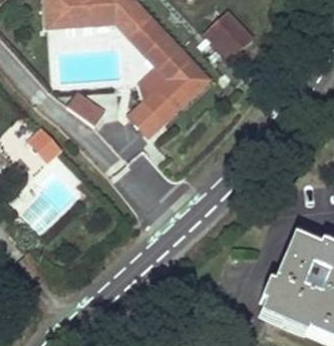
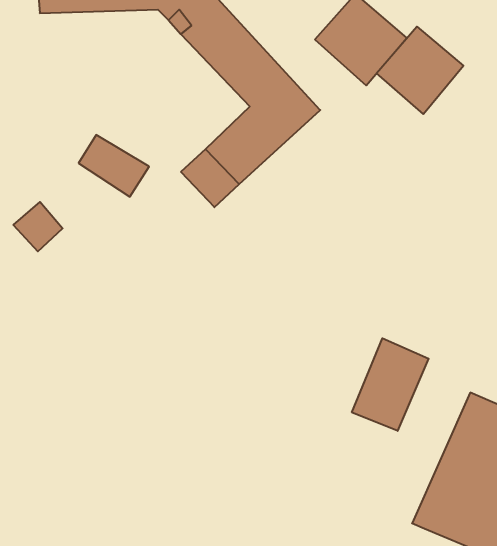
building: none -> [377,27,463,114]
building: none -> [352,338,429,431]

